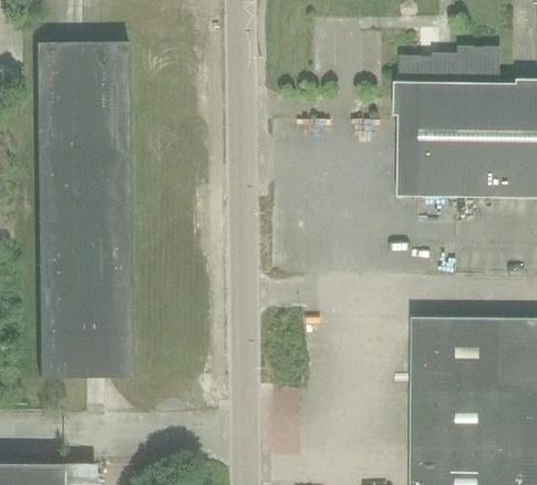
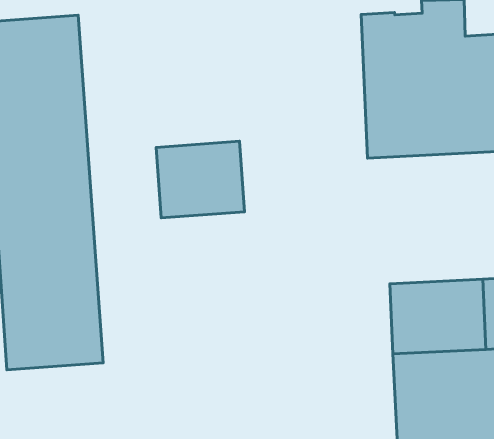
building: none -> [156,141,244,218]

